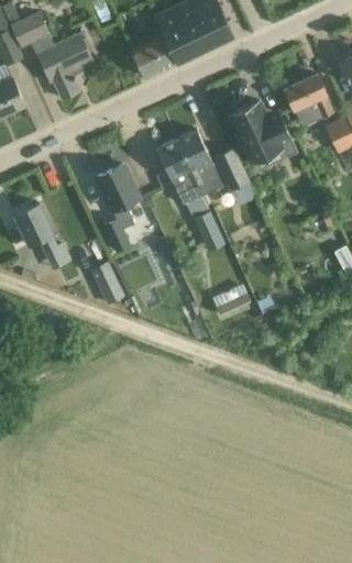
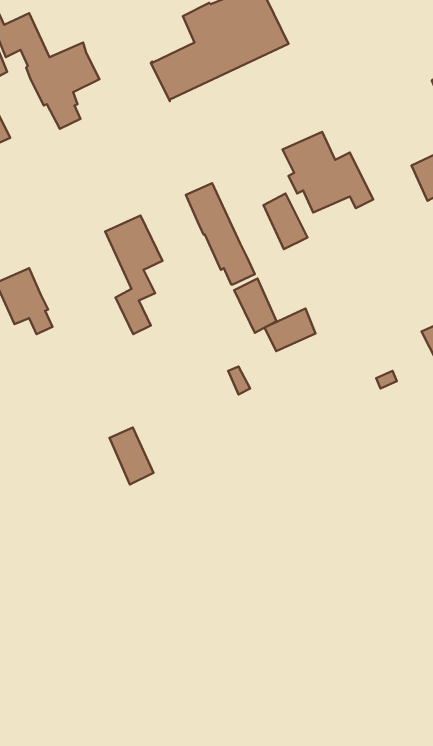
building: [285,74,333,126] -> none
building: [177,130,211,185] -> none
building: [91,262,124,305] -> [109,427,153,485]
building: [212,284,251,316] -> [264,309,316,351]

